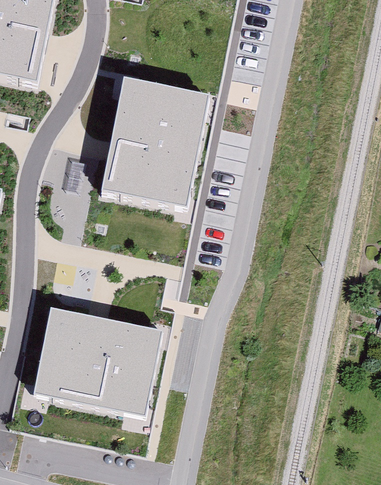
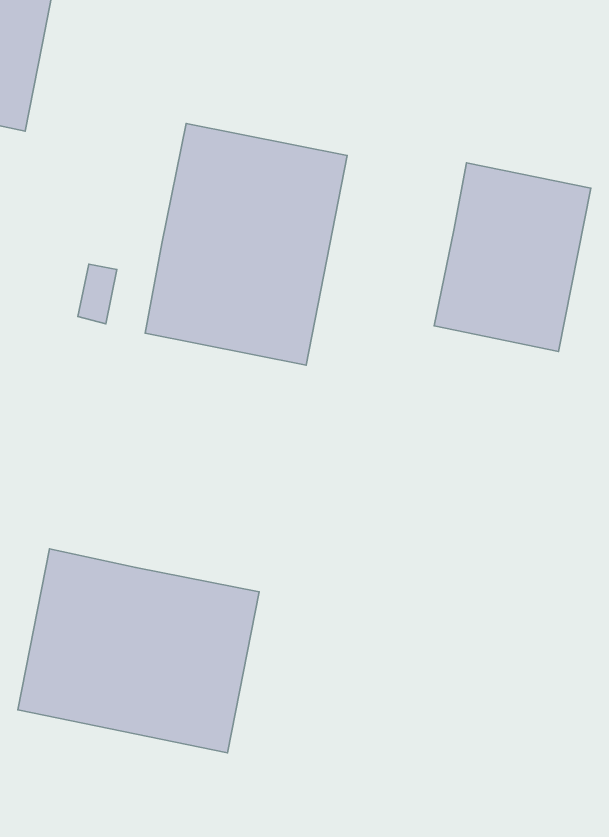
building: none -> [434,163,591,351]

